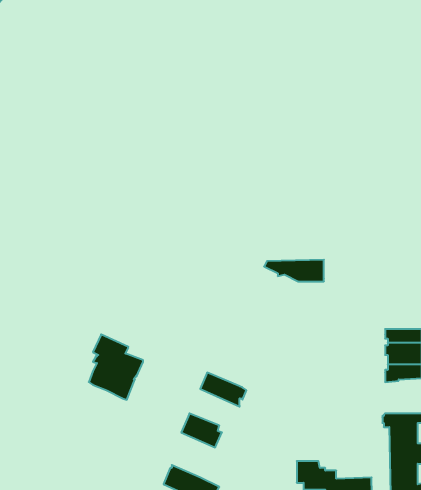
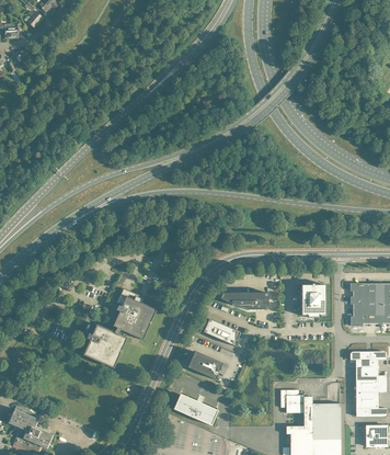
building: [264,260,324,281] -> [220,292,268,309]
building: none -> [301,283,326,317]
building: none -> [82,323,127,368]

